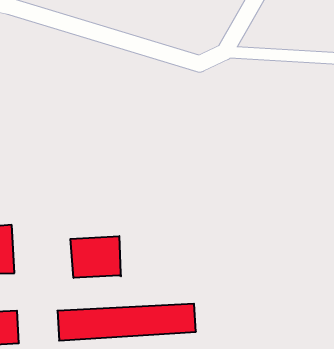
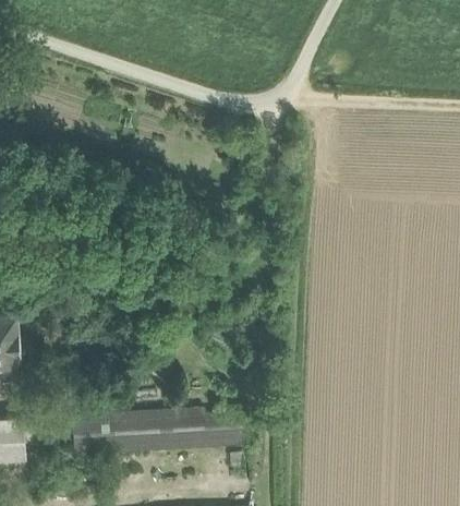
building: [70,236,121,278] -> none

